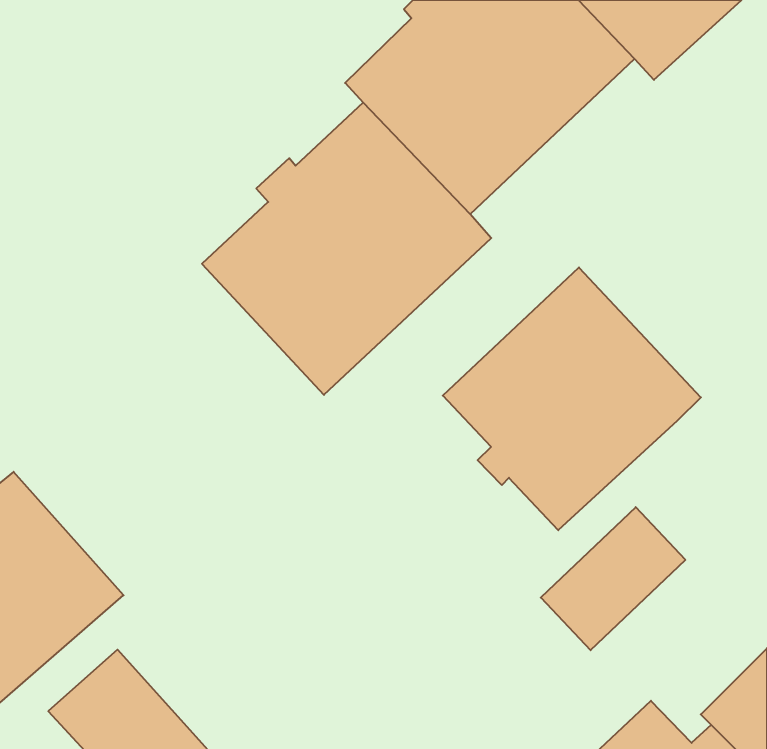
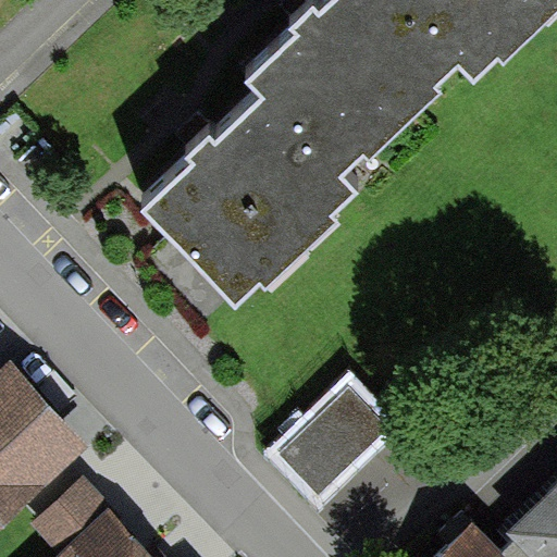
building: [443,267,701,530] -> none
building: [541,507,685,650] -> [280,393,384,496]

